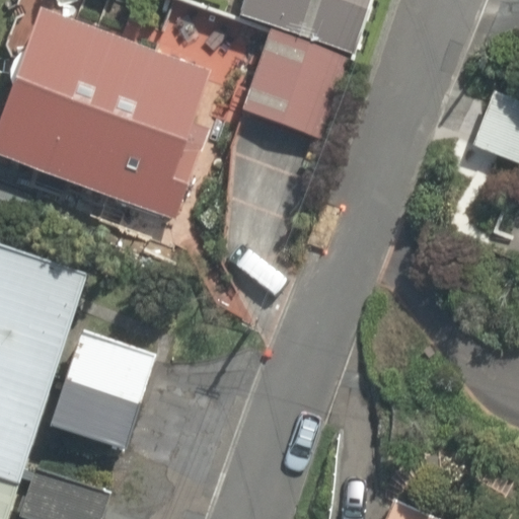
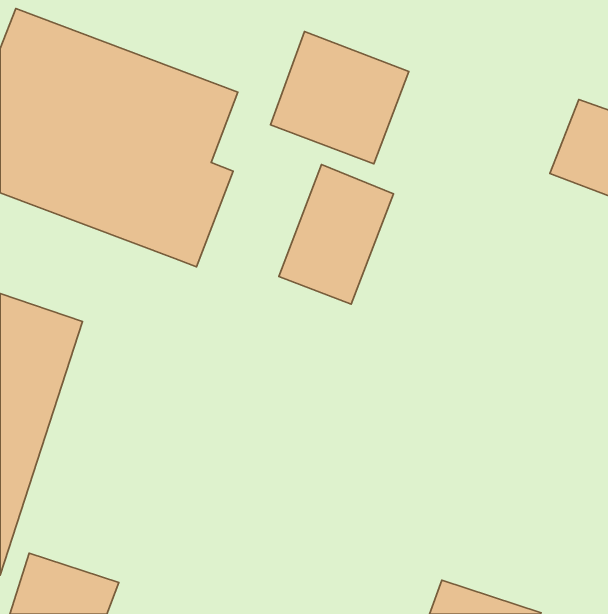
building: none -> [279,164,394,304]
building: [36,322,159,453] -> none

